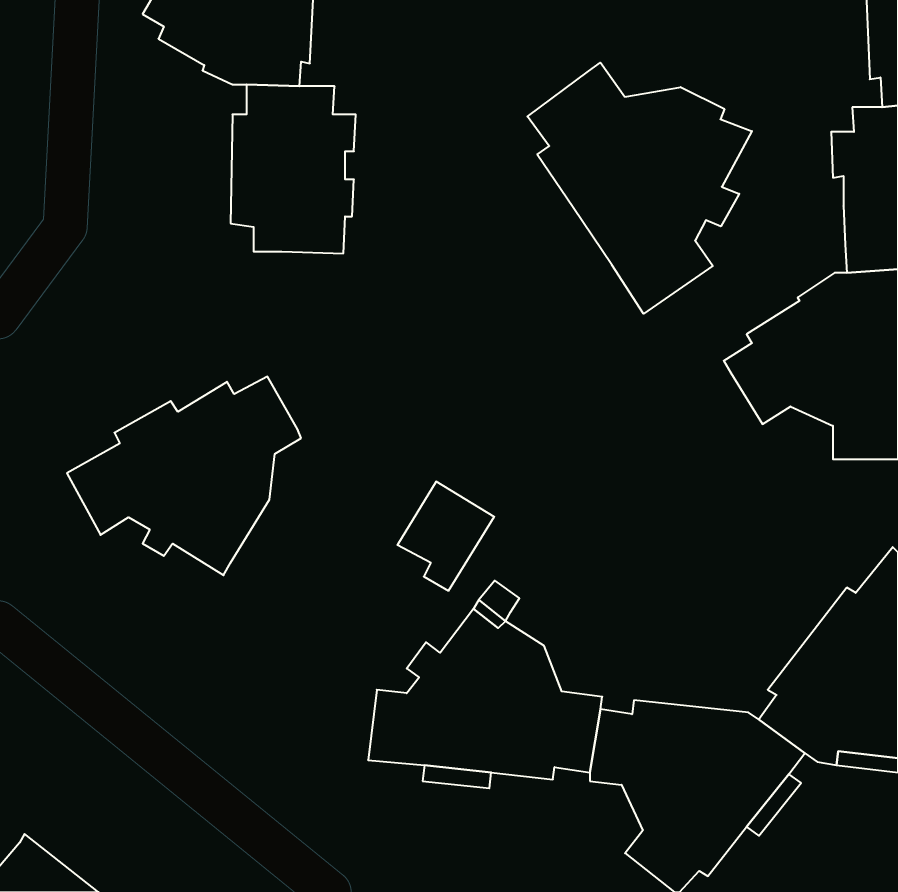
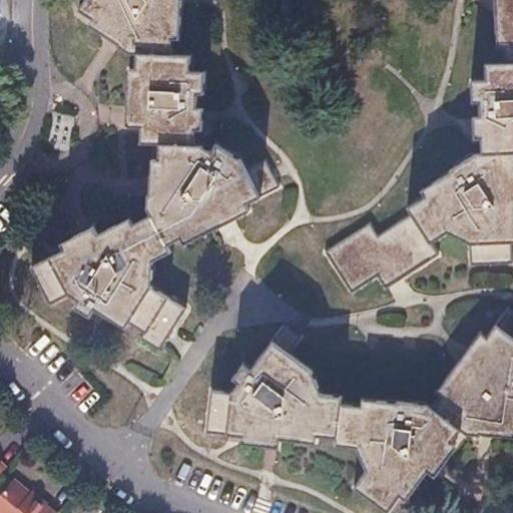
building: [527,63,752,314] -> none
building: none -> [149,143,280,244]
building: none -> [329,212,441,294]
building: [397,482,494,591] -> [131,285,186,347]

